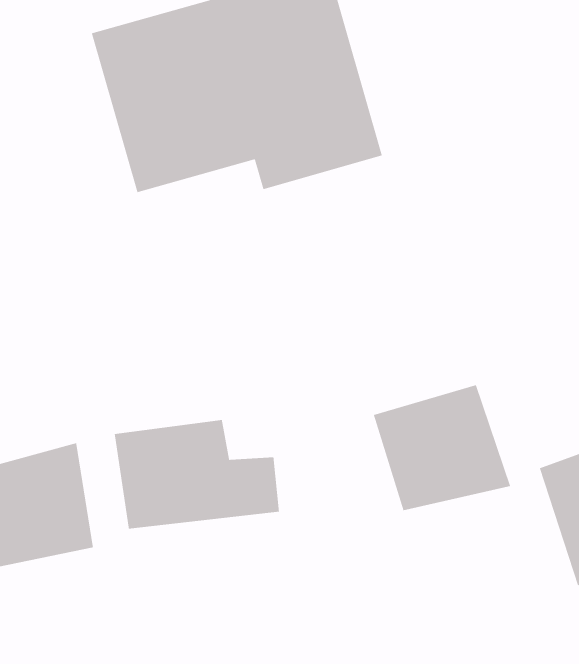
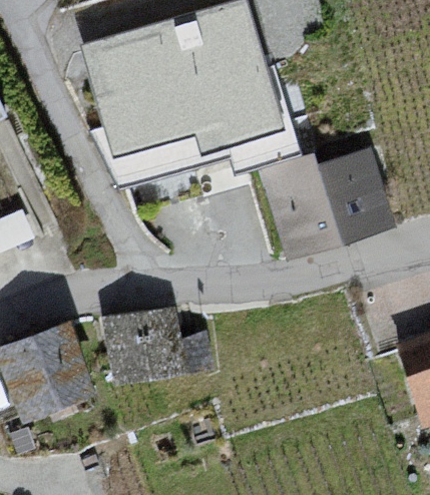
building: none -> [267,148,394,255]
building: [373,384,511,511] -> none

